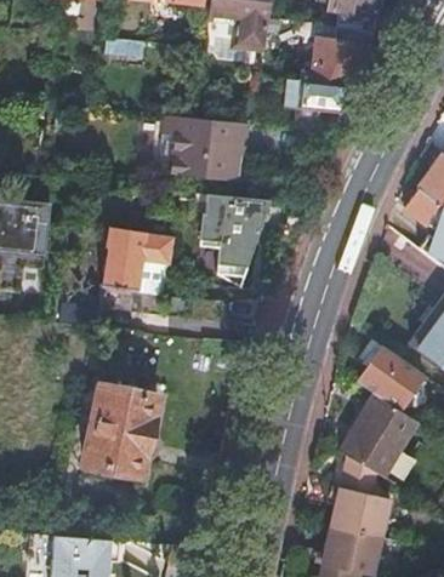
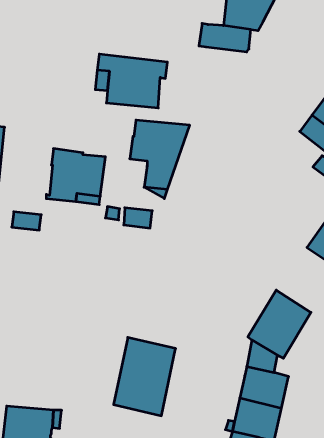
building: [358,345,423,422] -> none
building: [82,382,156,475] -> [114,337,176,416]

